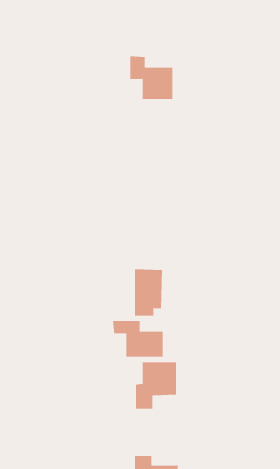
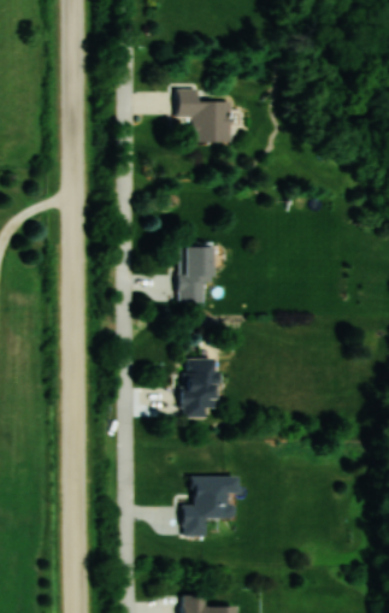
building: none -> [179,247,213,302]
building: [113,320,163,358] -> none

